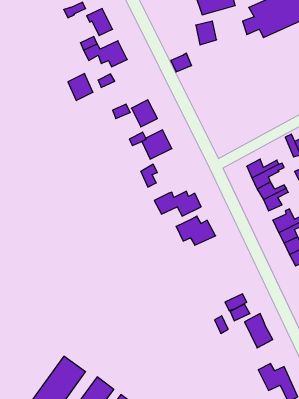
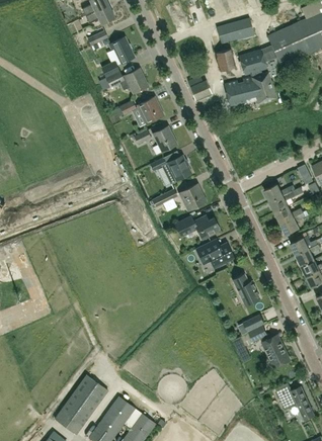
building: none -> [224,50,276,107]
building: [68,74,93,101] -> [138,97,162,123]
building: none -> [179,184,206,210]
building: none -> [232,274,259,306]

